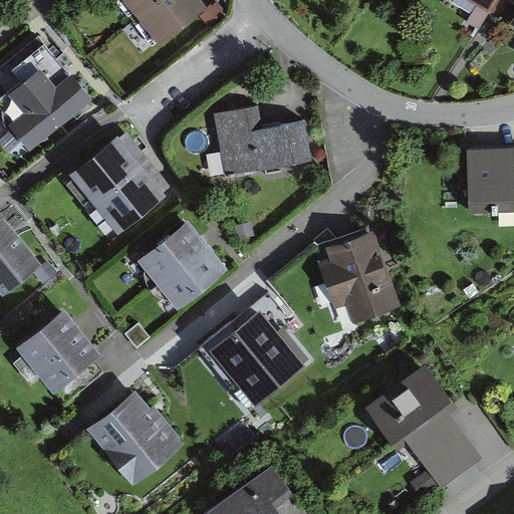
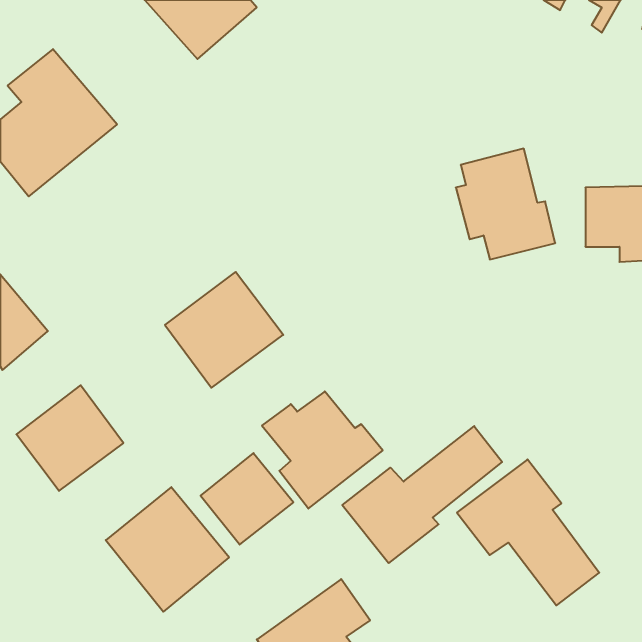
building: [215,105,313,177] -> none
building: [68,137,163,232] -> none
building: [322,232,402,320] -> [456,149,555,259]
building: none -> [342,426,502,563]
building: none -> [201,453,293,545]

